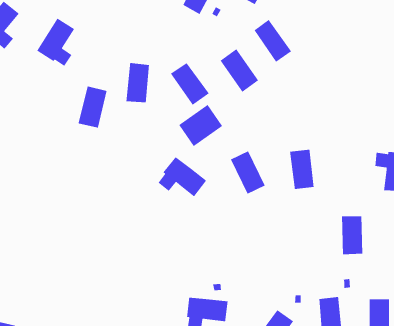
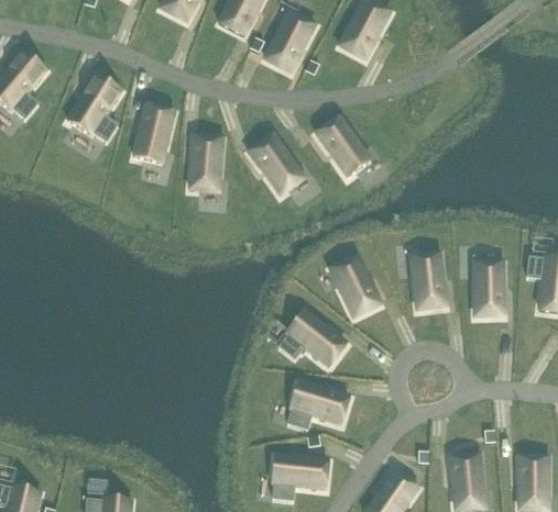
building: [253,19,292,63] -> none
building: [78,86,108,129] -> [133,103,174,162]
building: [178,104,223,147] -> none
building: [158,156,207,197] -> [278,309,346,365]
building: [341,215,363,255] -> [473,260,503,314]
building: none -> [287,379,349,428]

